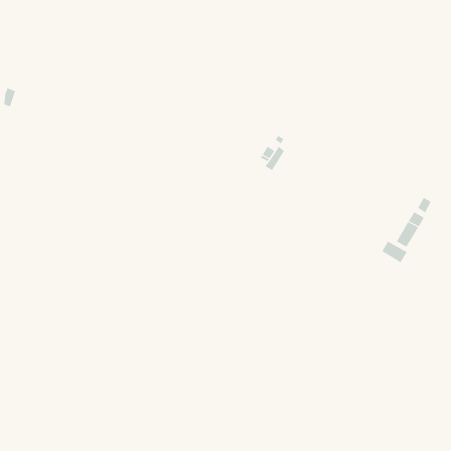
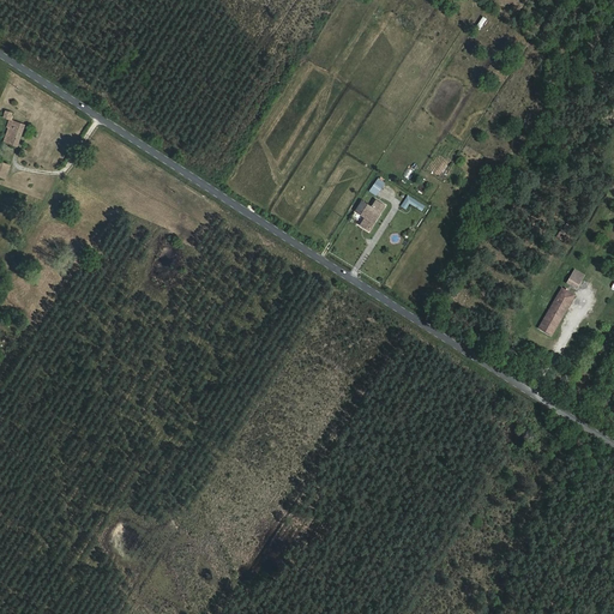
building: [381,241,408,263] -> none

